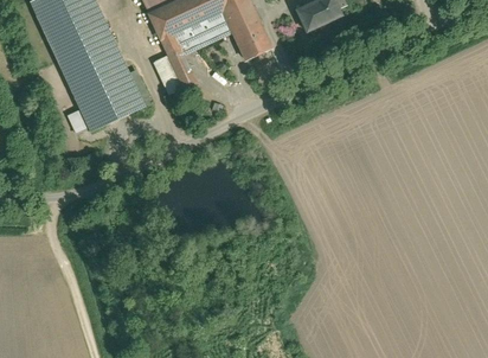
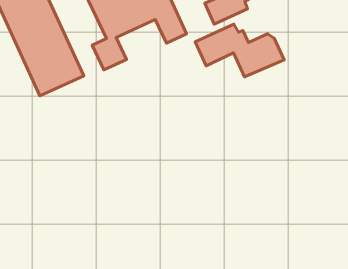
building: none -> [195,24,284,77]

